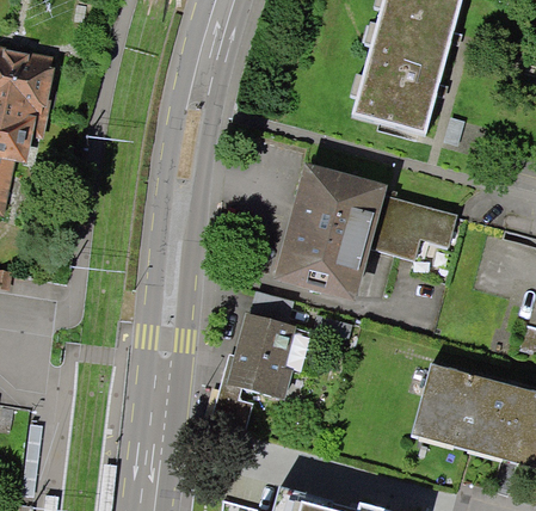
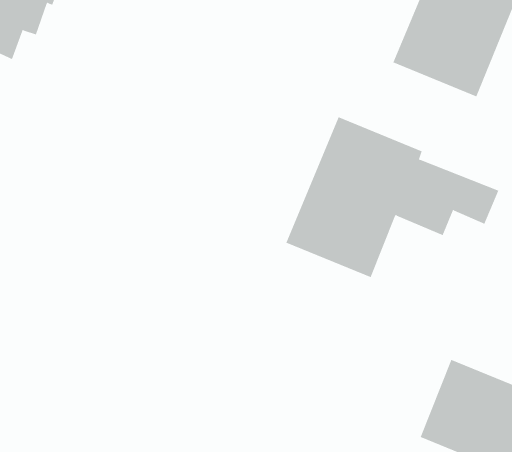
building: [209,315,295,429] -> none

